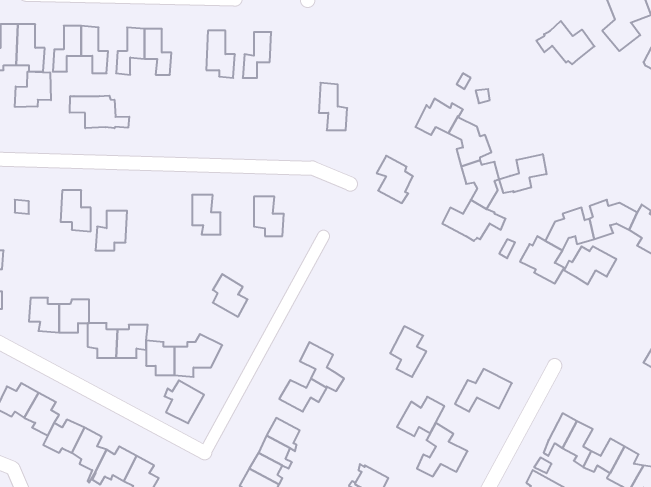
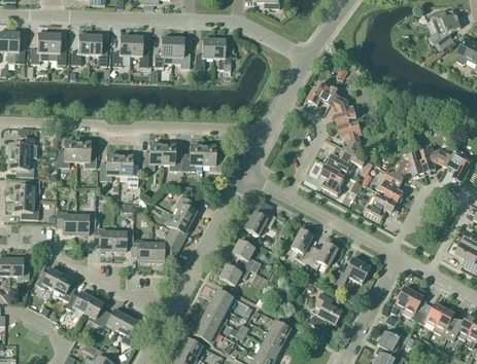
building: [536,21,595,64] -> none
building: none -> [154,37,172,67]
building: [15,72,51,107] -> none
building: [319,83,347,130] -> [212,38,231,69]
building: [70,96,129,128] -> none
building: [499,154,547,193] -> none
building: [377,156,413,203] -> [320,163,344,194]
building: none -> [57,141,77,167]
building: none -> [142,143,162,169]
building: none -> [182,145,202,171]
building: none -> [118,154,138,186]
building: [564,246,616,284] -> [366,194,400,219]
building: none -> [244,201,285,235]
building: [164,380,204,423] -> [166,214,192,242]
building: [397,397,444,436] -> [305,243,336,268]

